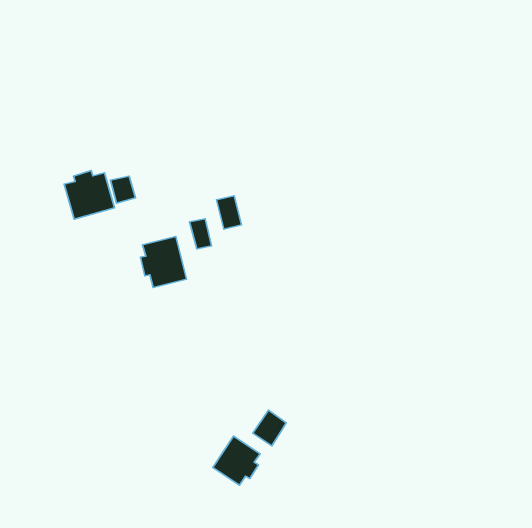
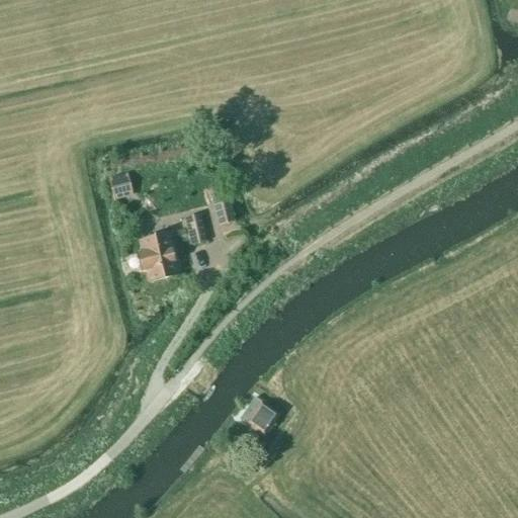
building: [64,171,114,219] -> none
building: [213,436,260,485] -> none

